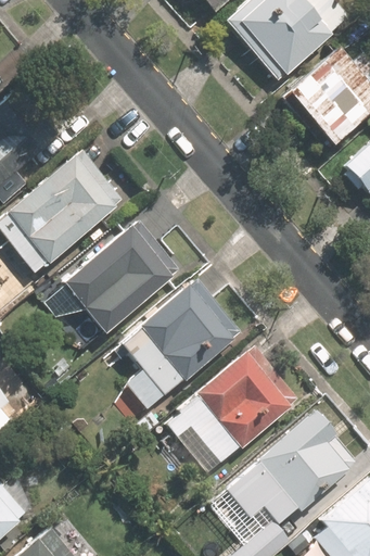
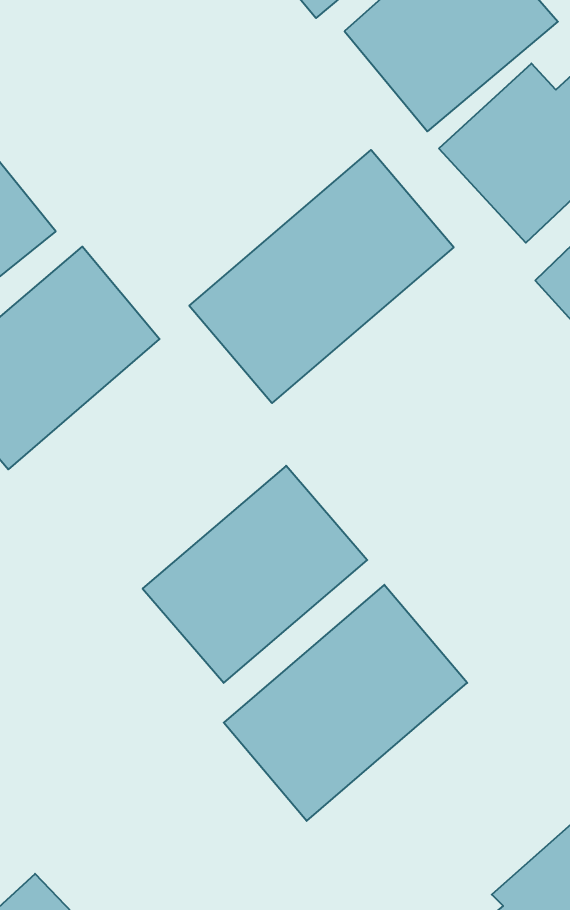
building: none -> [189,150,454,403]
building: [51,217,183,338] -> none
building: [226,409,355,522] -> none

